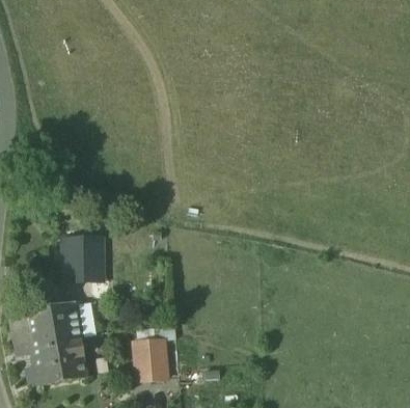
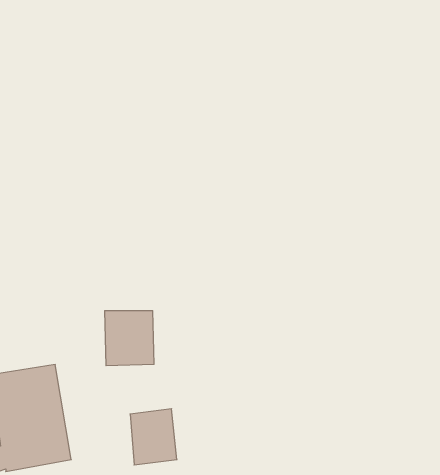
building: [63,238,102,280] -> [105,311,154,366]

